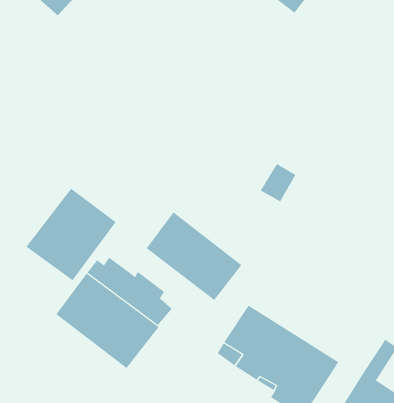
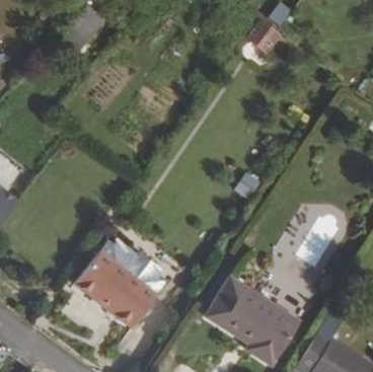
building: [26,188,117,281] -> none
building: [146,212,242,301] -> none

